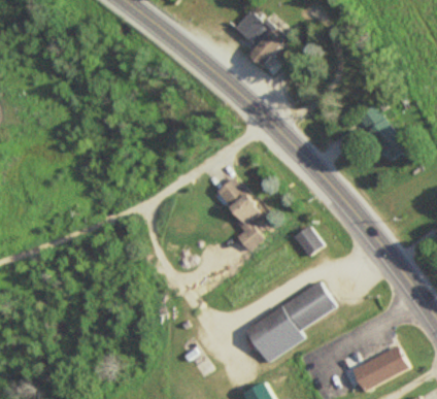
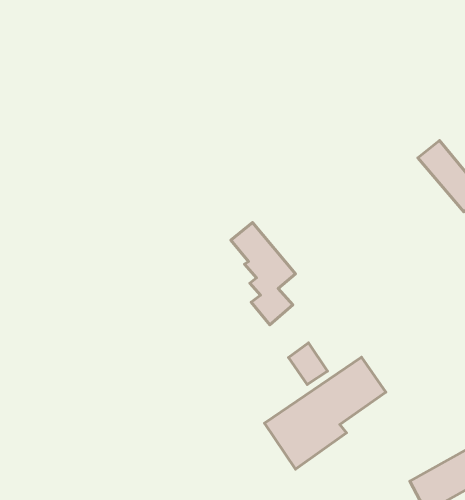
building: [235,8,284,66] -> none
building: [293,223,323,255] -> [288,343,327,385]

